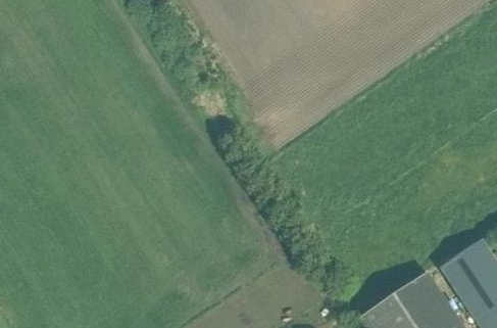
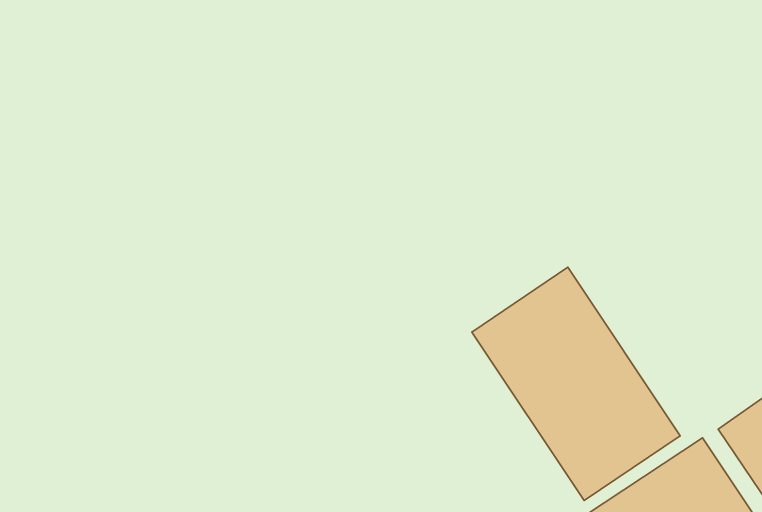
building: none -> [472,267,680,501]

